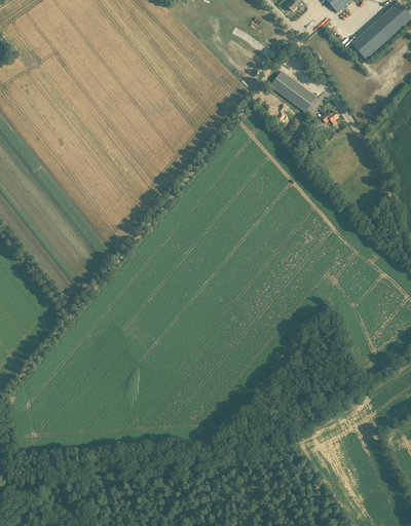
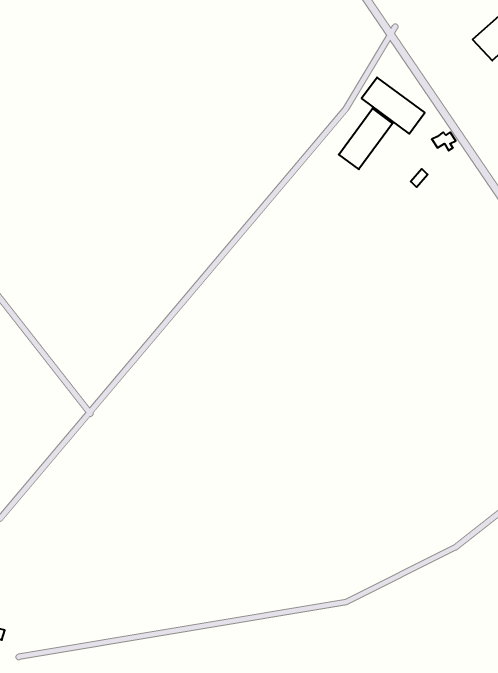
building: none -> [339,108,393,169]

